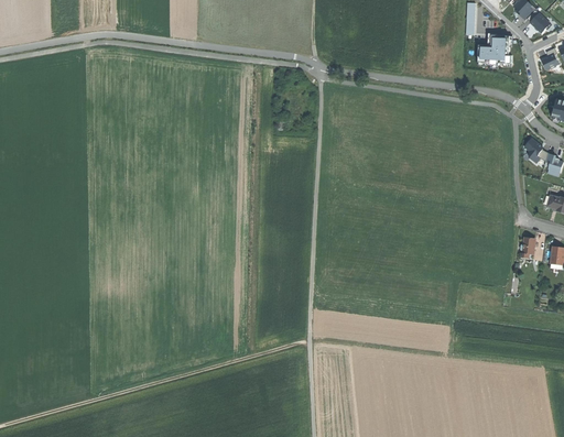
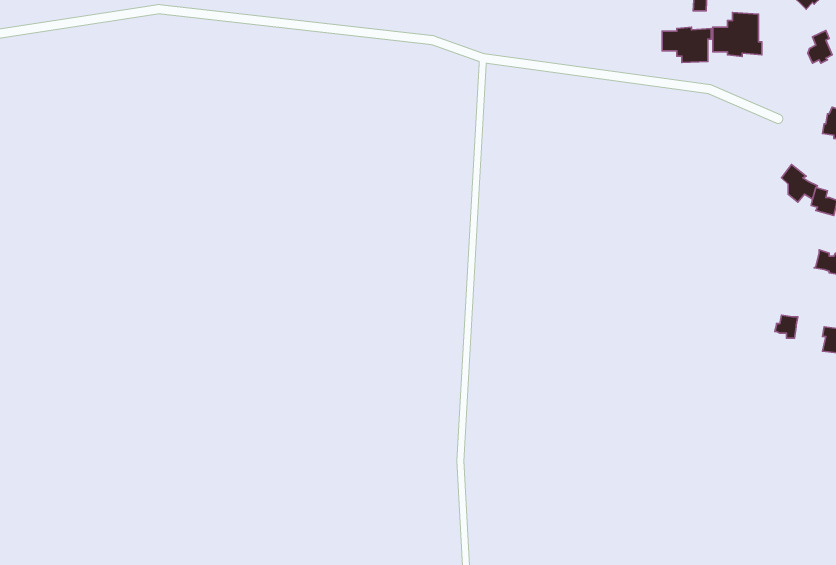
building: none -> [662,27,711,63]

